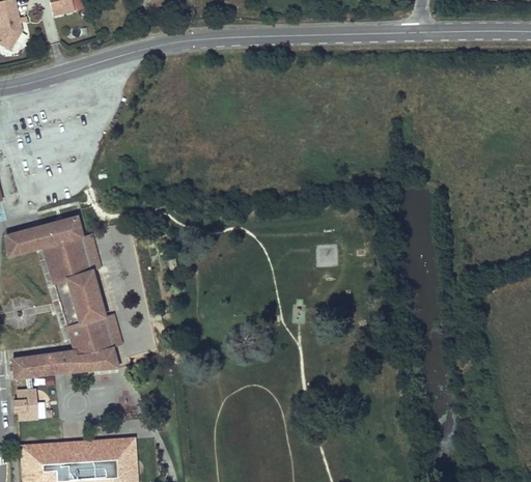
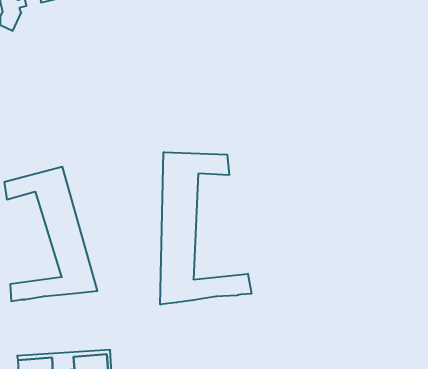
building: none -> [160,152,251,305]
building: [13,389,37,420] -> none

